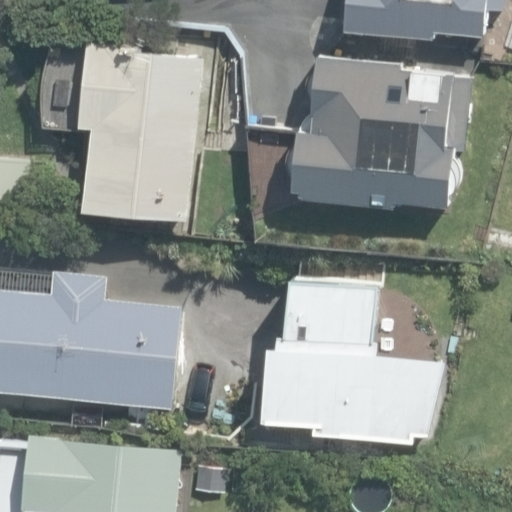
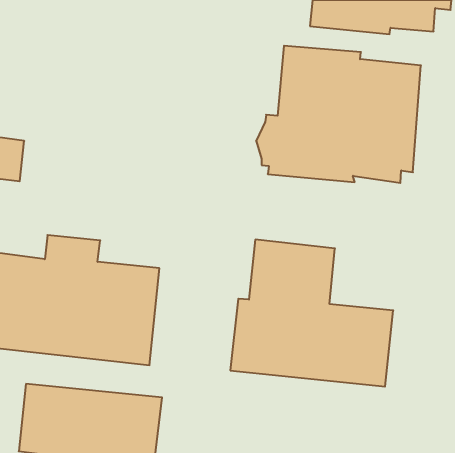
building: [77,47,203,224] -> none

